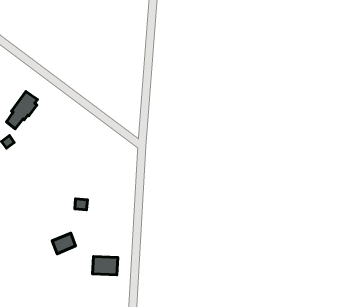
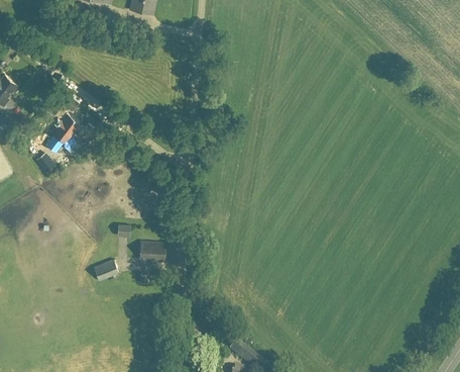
building: [92,256,118,275] -> [139,241,165,260]

